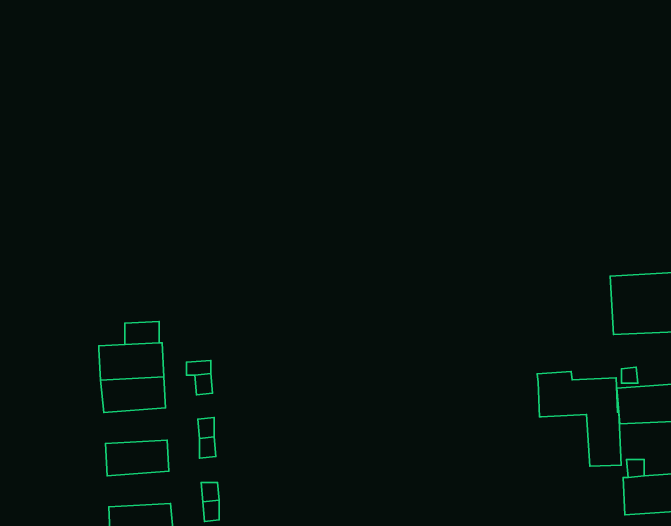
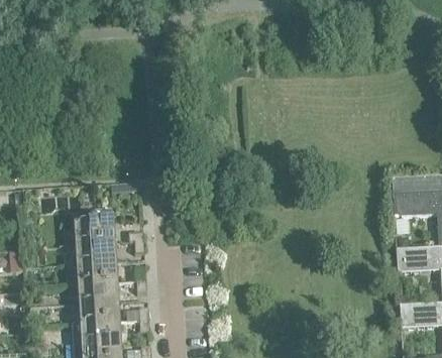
building: [537,371,621,466] -> none
building: none -> [77,262,116,284]
building: none -> [79,302,118,324]

